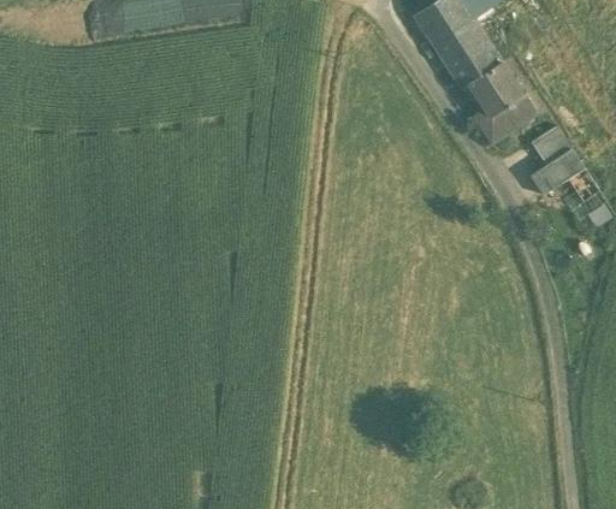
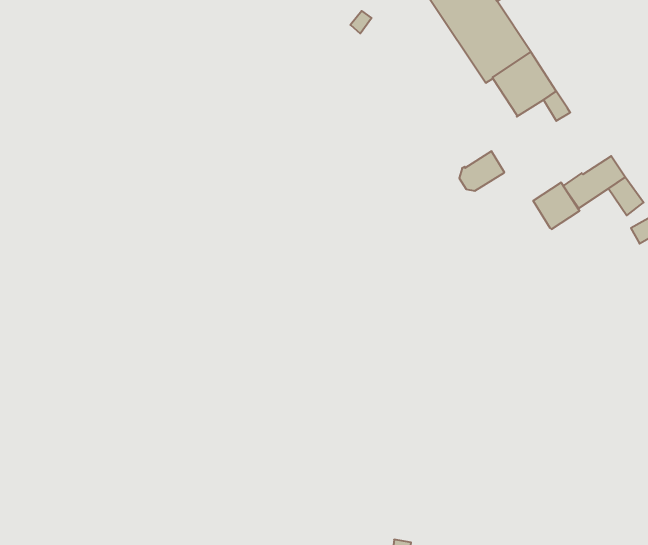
building: [484,102,522,136] -> [459,151,504,191]
building: [529,126,569,166] -> [533,183,580,229]

